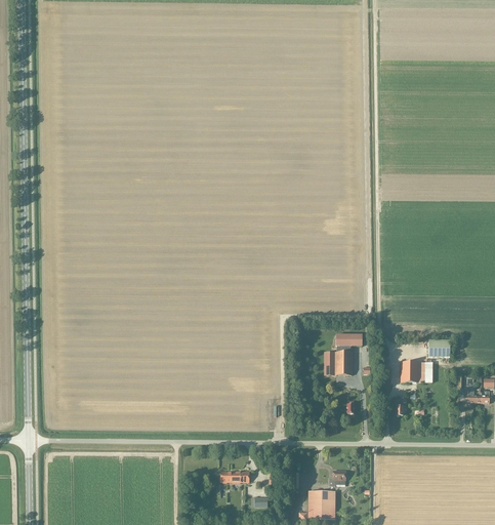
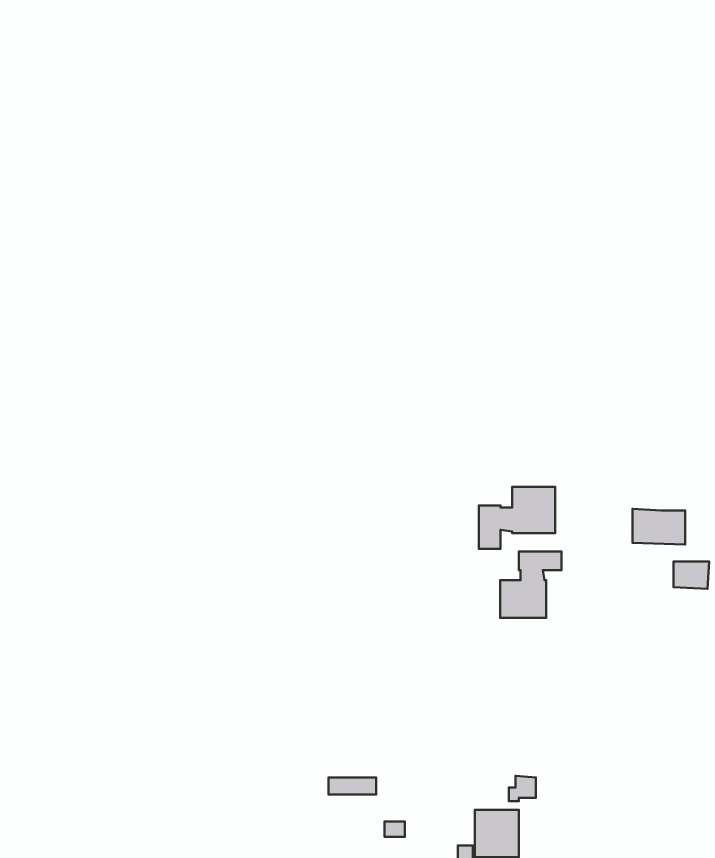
building: none -> [479,487,555,549]
building: [401,361,432,382] -> [632,509,685,545]

